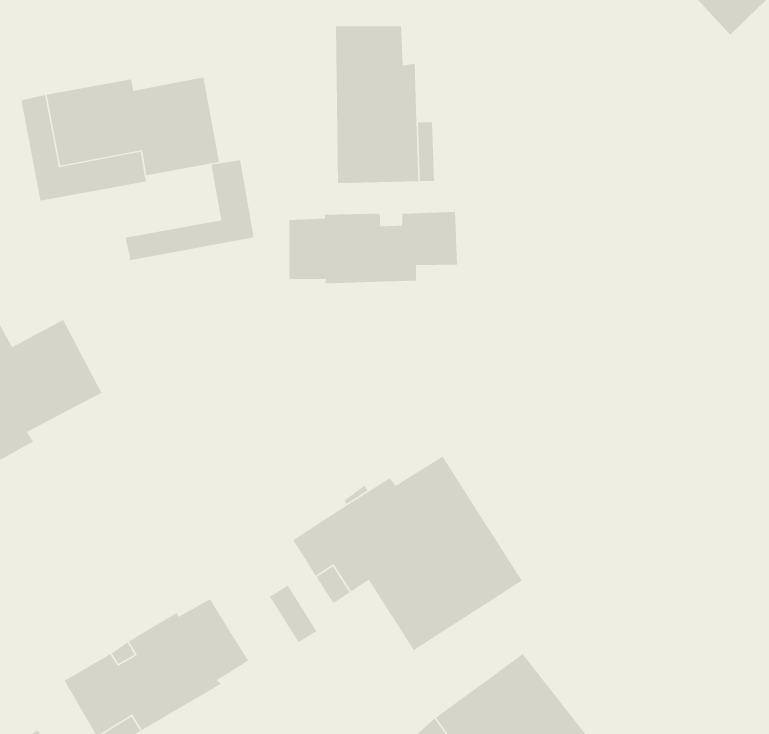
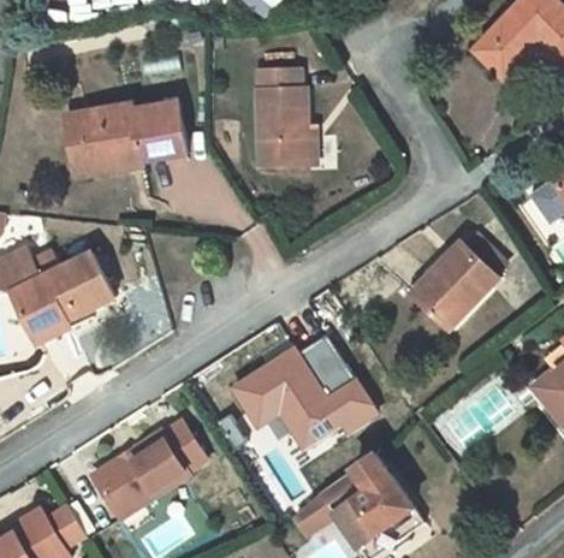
building: [125,160,254,261] -> none
building: [288,211,458,284] -> none
building: none -> [415,236,504,332]

